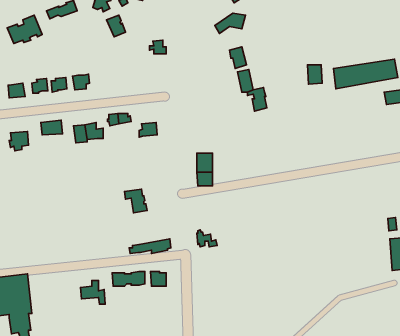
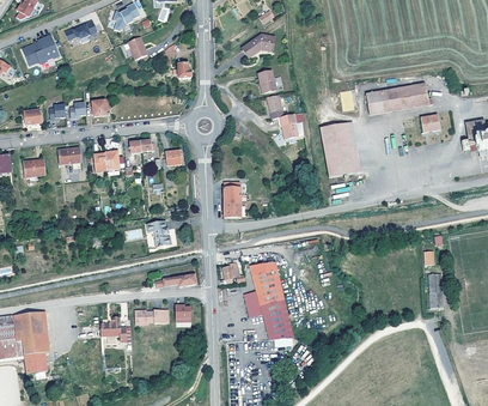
building: none -> [322,122,356,176]
building: none -> [244,261,292,339]

